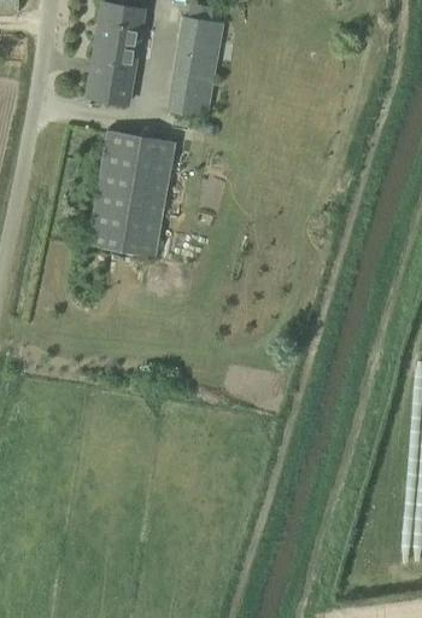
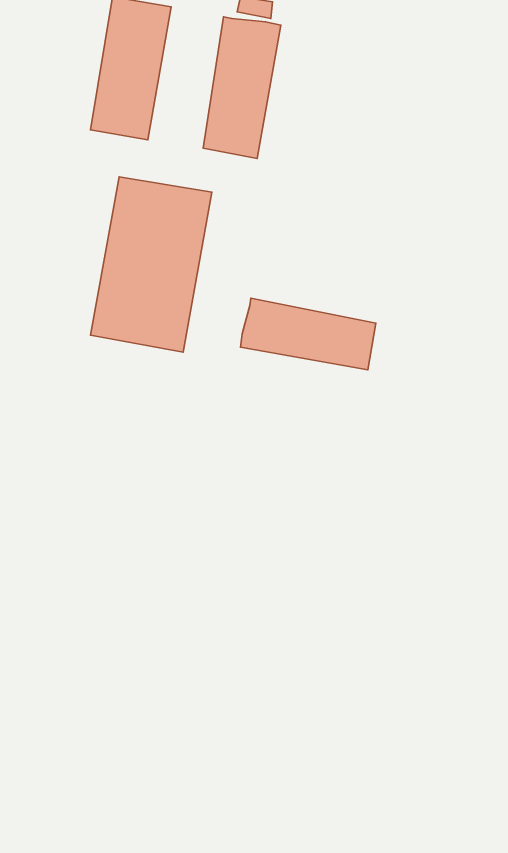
building: none -> [241,298,376,370]

